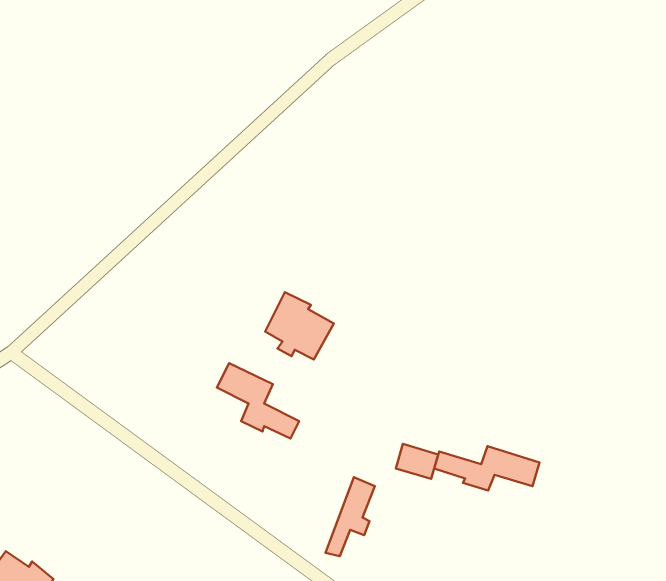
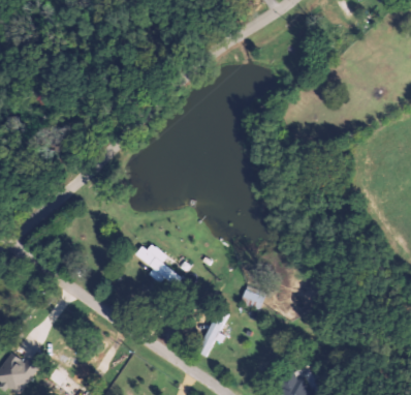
building: [265,292,334,359] -> none
building: [434,446,540,491] -> none

